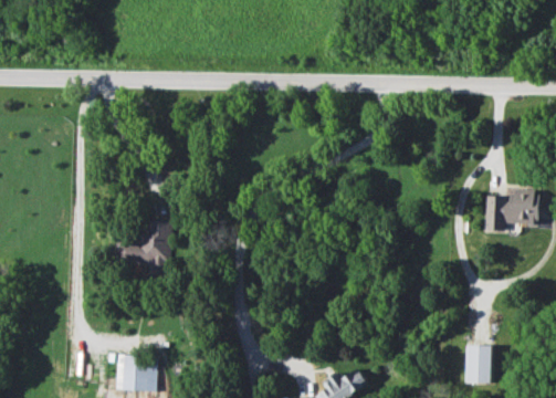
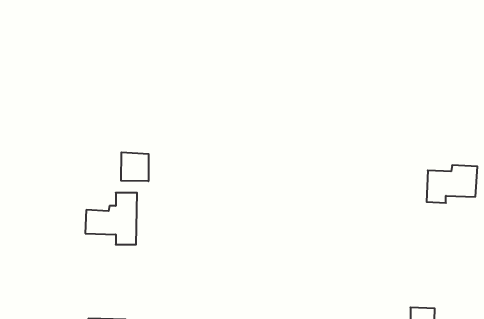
building: none -> [121,152,149,181]

